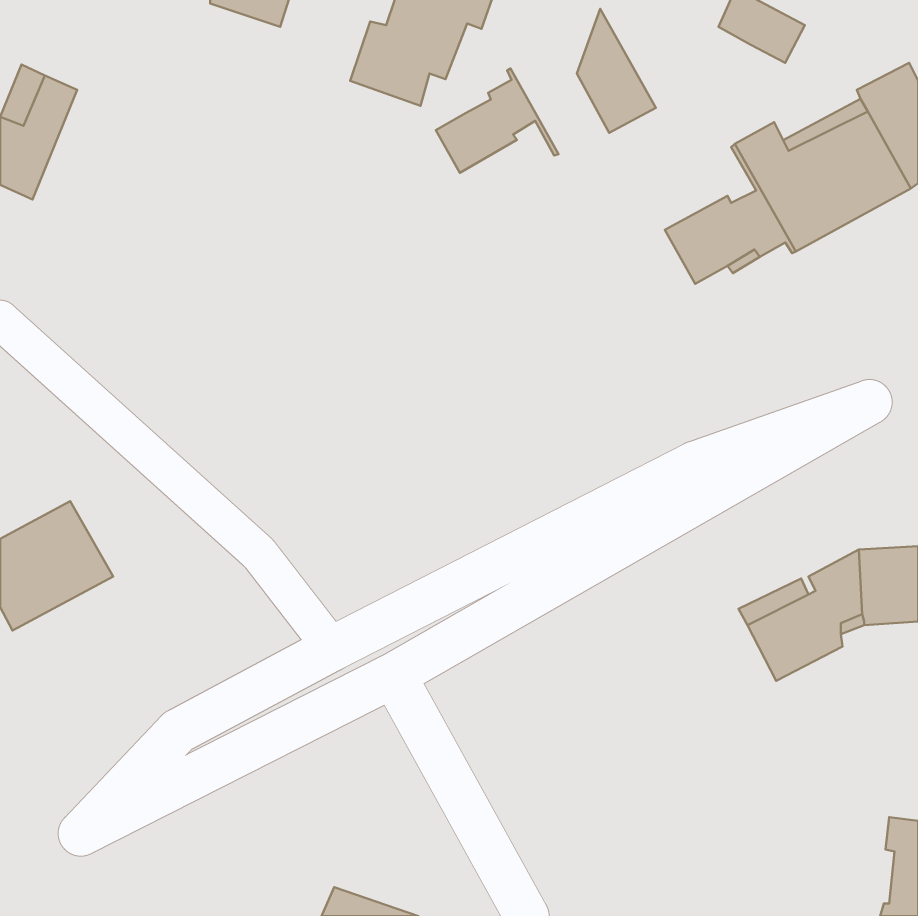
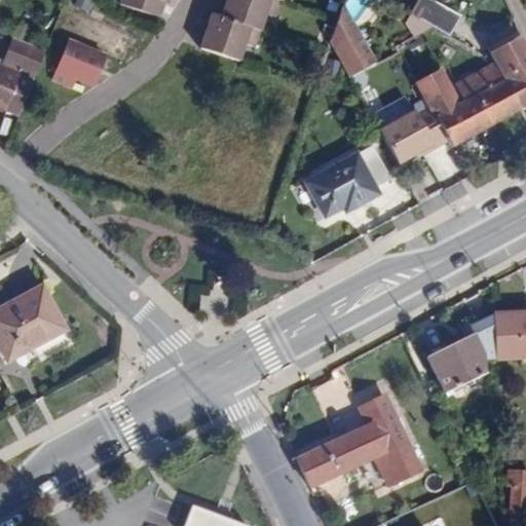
building: none -> [44,35,102,86]
building: [436,69,559,173] -> none
building: none -> [306,145,391,218]
building: none -> [297,397,419,488]

